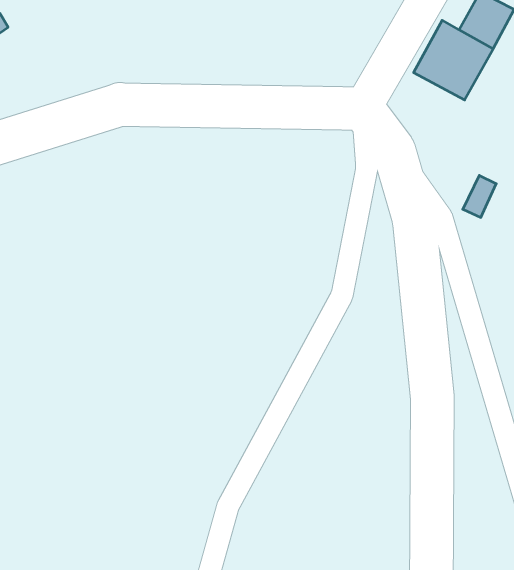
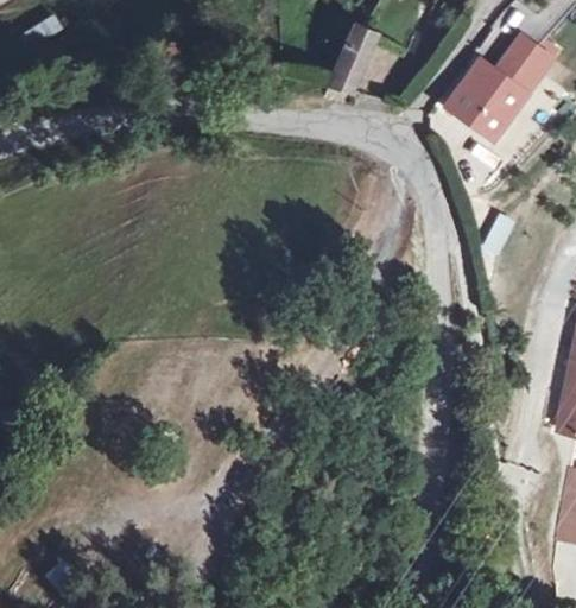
building: none -> [333,36,371,86]

